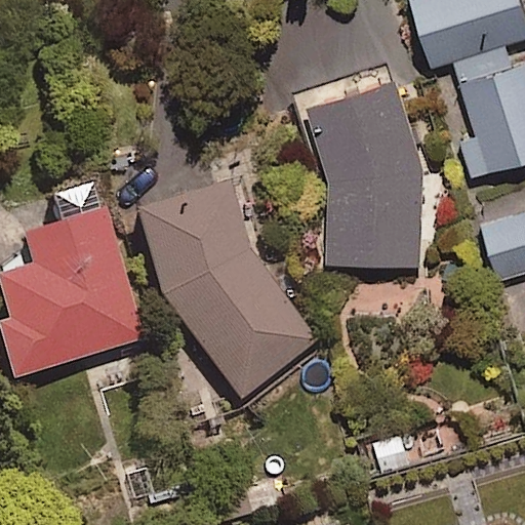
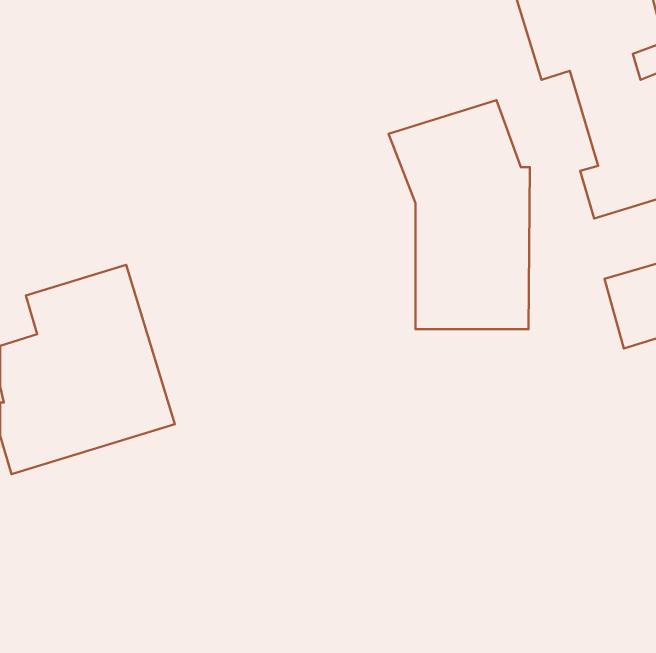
building: [133,186,319,398] -> none

